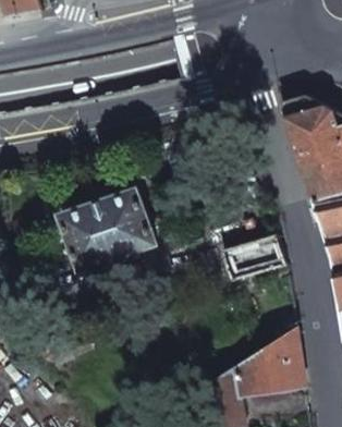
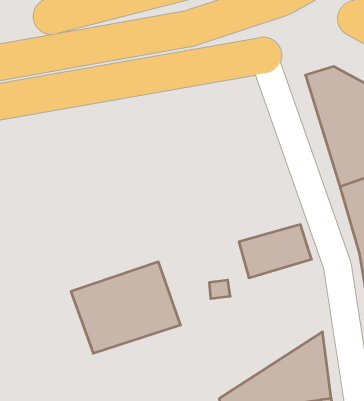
building: [59,187,156,268] -> [71,262,181,353]

